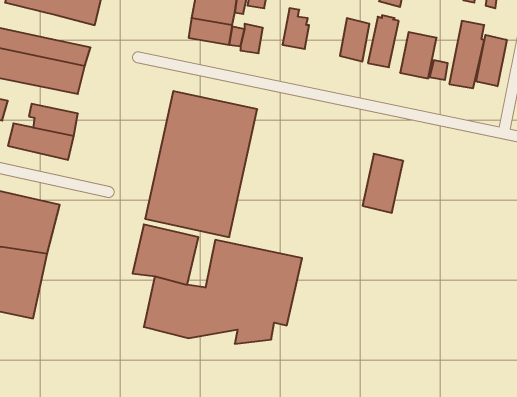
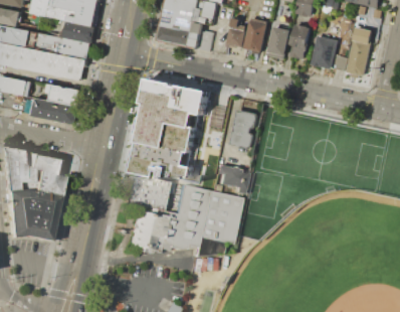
building: none -> [244,19,267,50]
building: none -> [61,22,92,45]
building: [476,35,507,86] -> none
building: [363,154,403,213] -> [229,108,258,150]
building: none -> [218,163,246,195]

